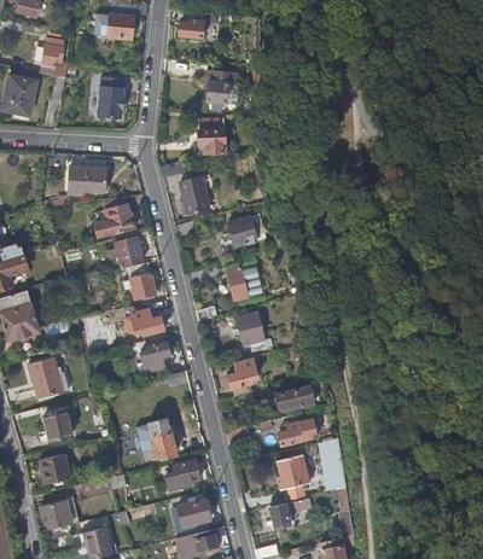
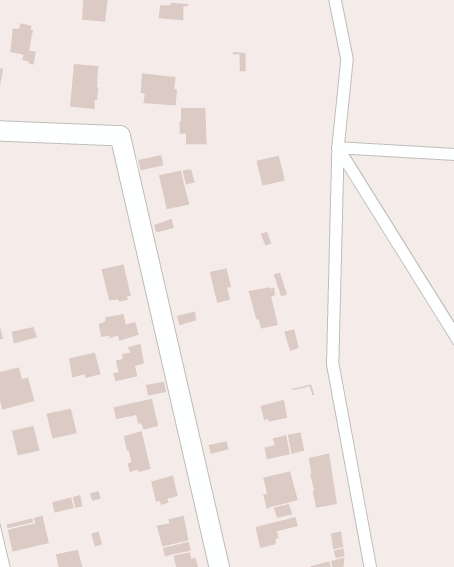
building: [205,69,240,100] -> [140,72,178,106]
building: [69,165,107,192] -> none
building: [99,197,134,234] -> none
building: [228,216,256,245] -> [255,155,285,186]
building: [116,238,142,266] -> none
building: [235,311,264,351] -> [248,286,279,329]
building: none -> [68,352,101,379]
building: [227,356,257,395] -> none
building: none -> [112,398,159,430]
building: [40,454,70,483] -> [45,408,78,439]

